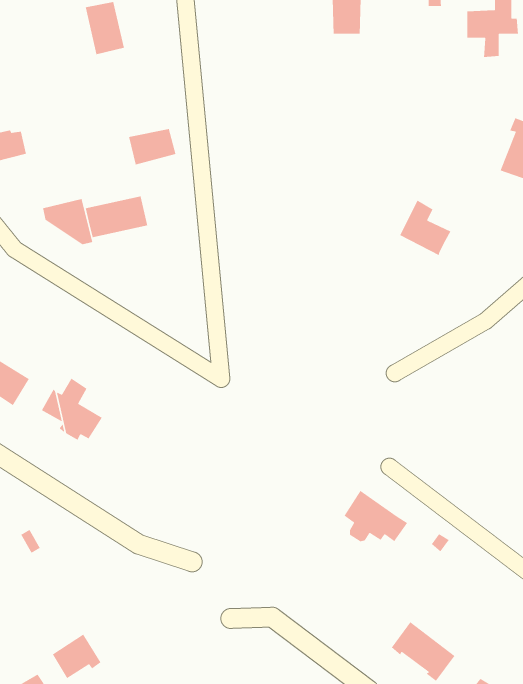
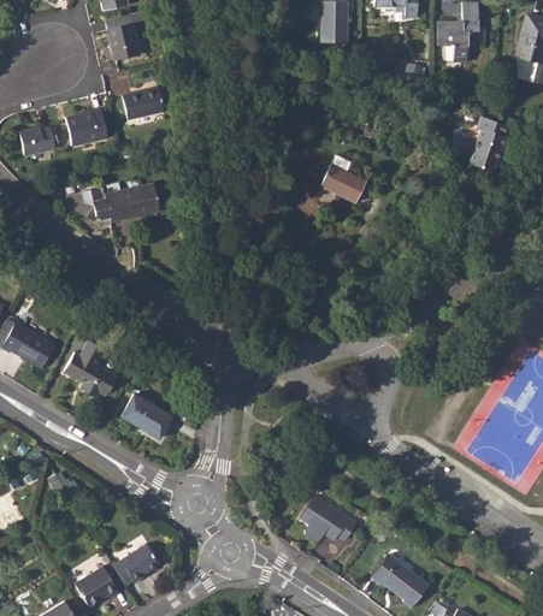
building: none -> [65,109,107,144]
building: [128,128,177,165] -> [122,87,164,119]
building: [399,200,452,256] -> [321,154,367,203]
building: none -> [122,393,172,438]
building: [344,490,408,542] -> [301,496,358,541]
building: none -> [113,544,159,585]

